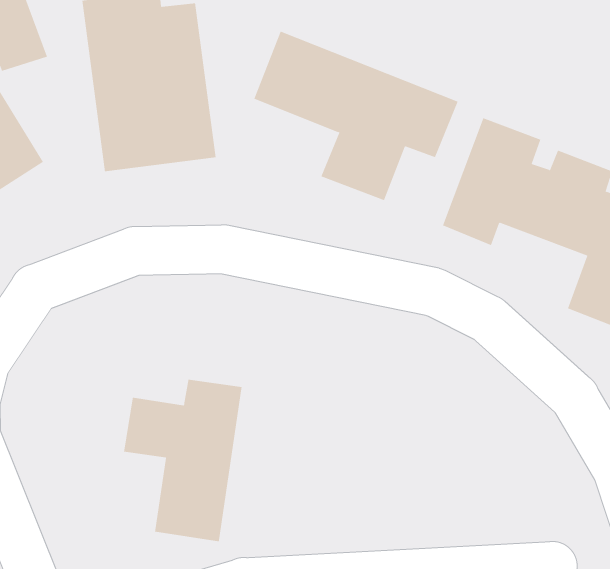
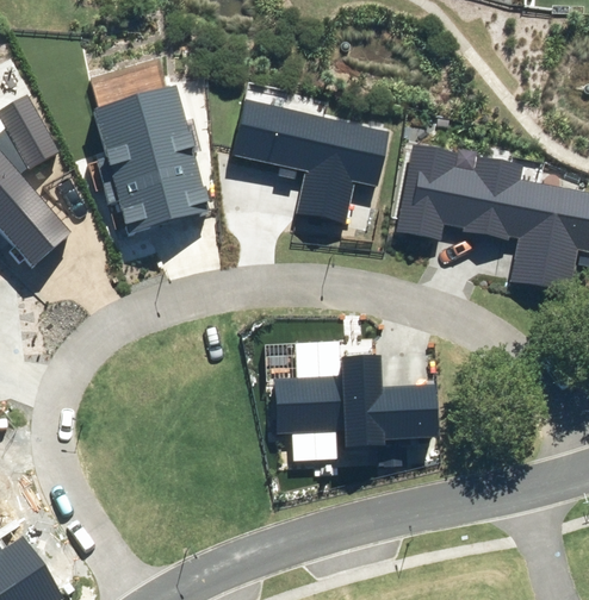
building: none -> [281,356,436,452]
building: [123,379,242,542] -> none

